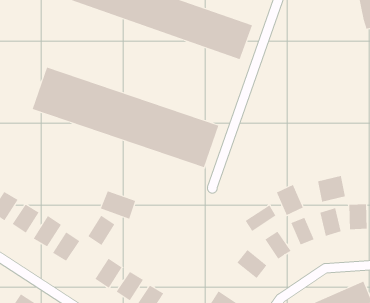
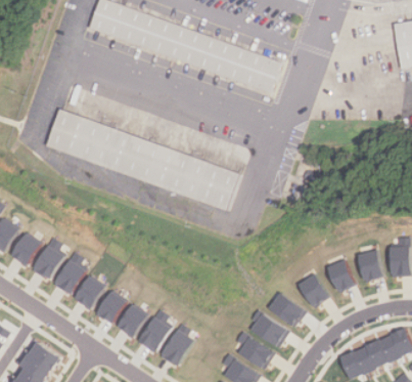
building: [317,175,345,203] -> none
building: [276,184,304,216] -> none
building: [100,191,136,219] -> none
building: [245,204,276,232] -> none
building: [87,215,115,246] -> [94,292,124,325]
building: none -> [250,316,285,348]

